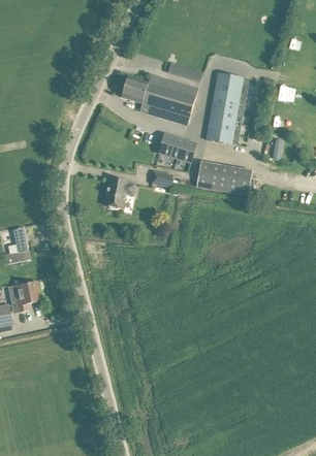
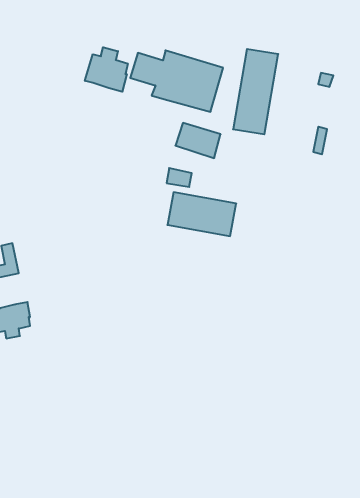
building: none -> [85,47,128,92]
building: [195,160,252,196] -> [167,192,236,236]
building: [103,176,134,208] -> none

